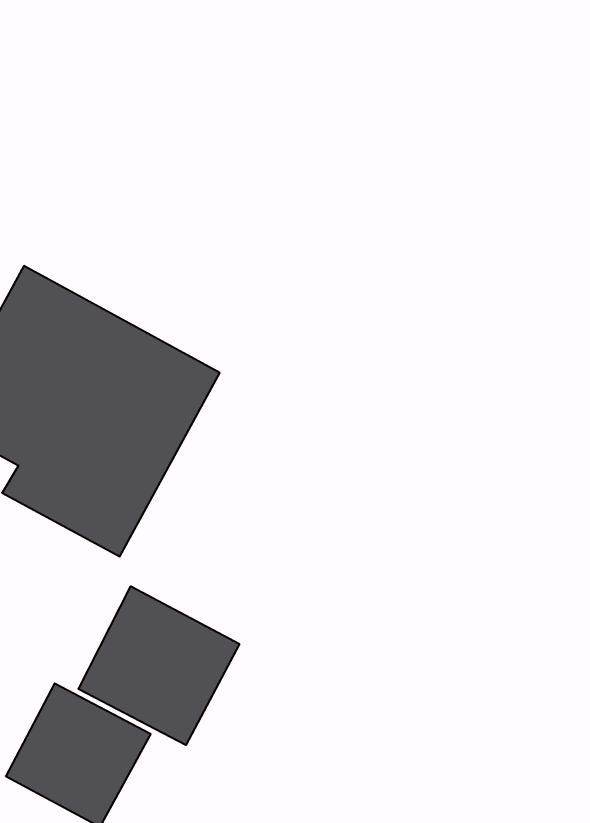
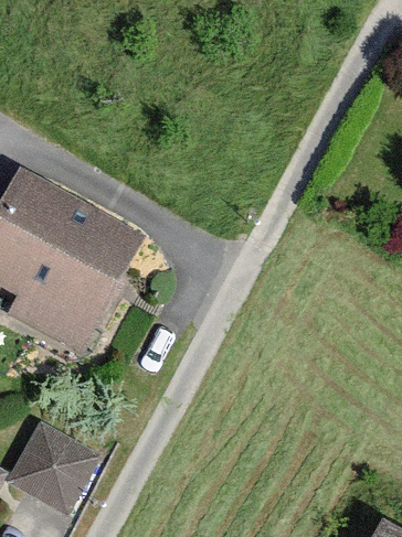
building: [78,586,239,745] -> none

